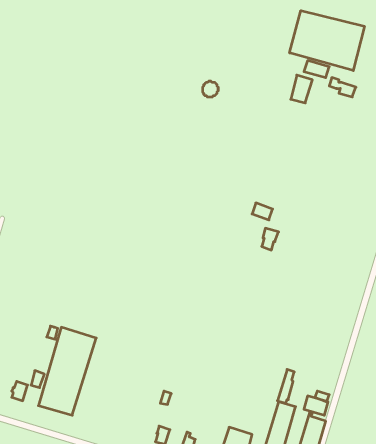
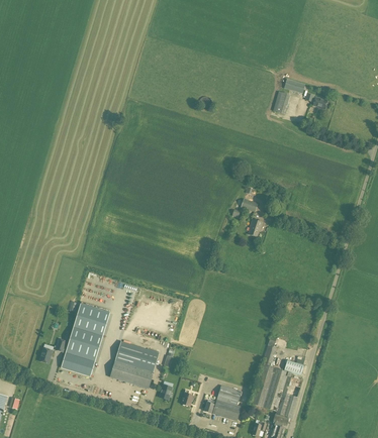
building: [290,11,364,71] -> none
building: none -> [110,341,159,389]

